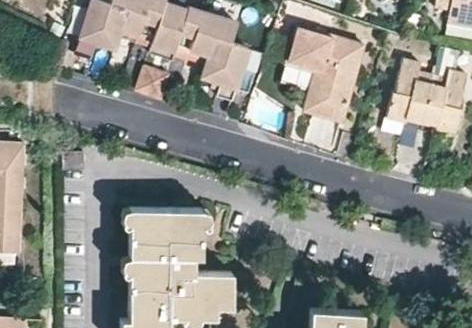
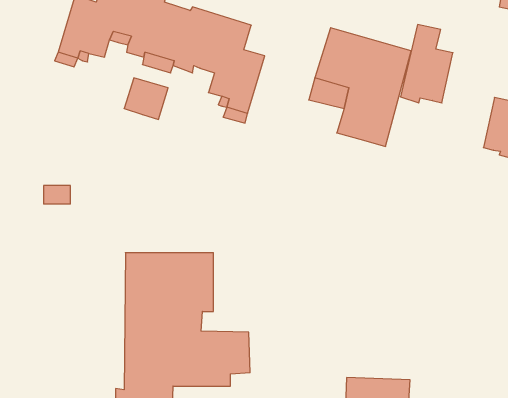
building: [389,58,432,122] -> [400,25,453,103]

